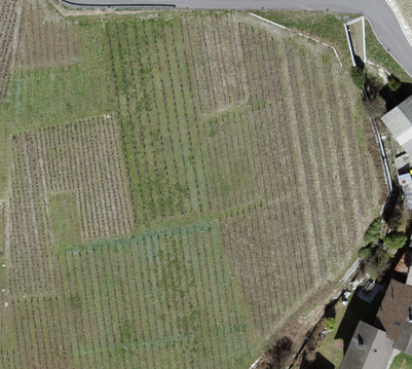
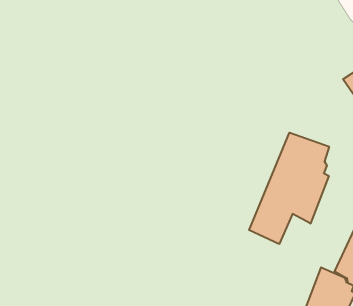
building: none -> [249,133,329,244]

